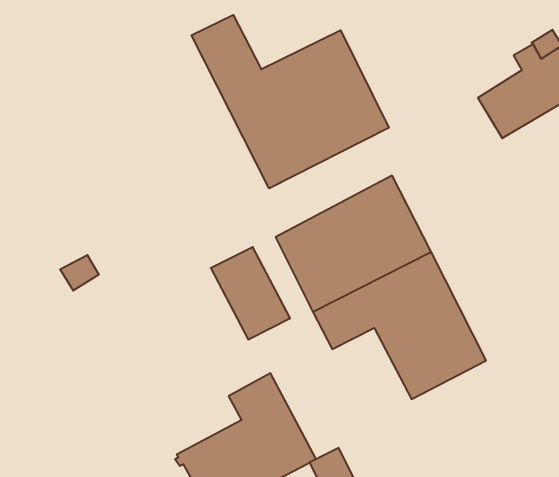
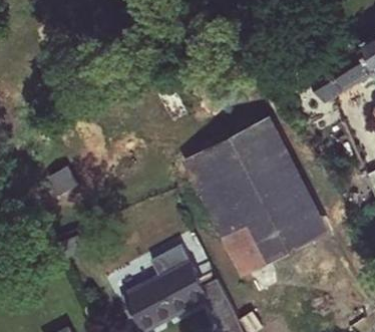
building: [192,15,389,188] -> none
building: [211,247,290,339] -> [221,217,270,274]

